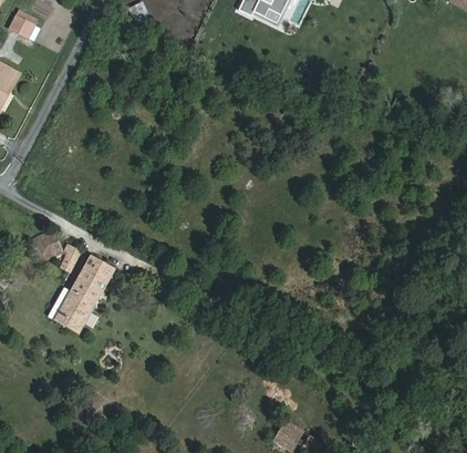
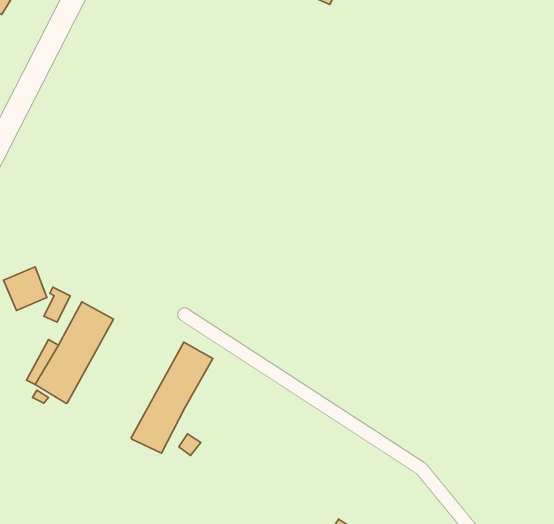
building: none -> [131,342,213,453]

